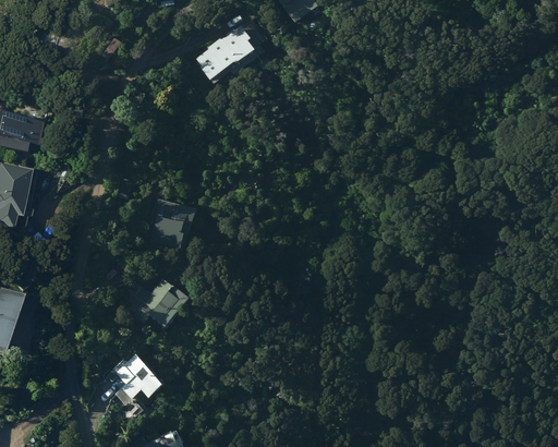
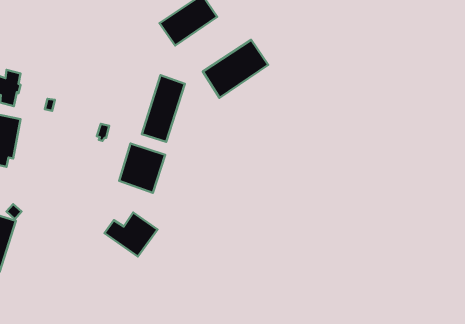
building: none -> [203,40,268,98]
building: none -> [142,75,185,142]
building: [112,350,167,402] -> none

